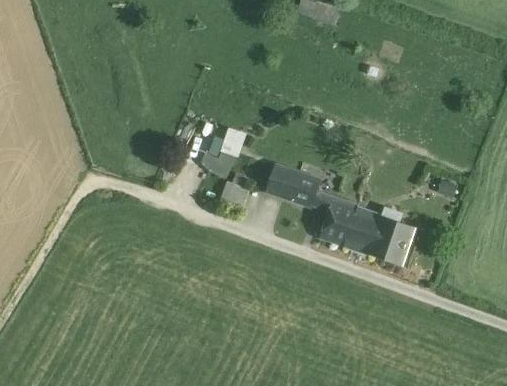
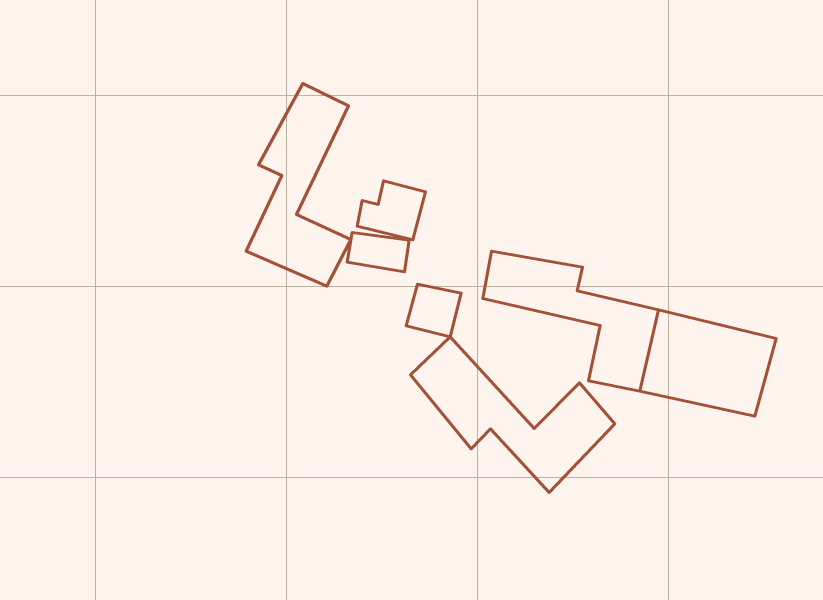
building: none -> [246,84,351,286]
building: none -> [411,337,615,492]

